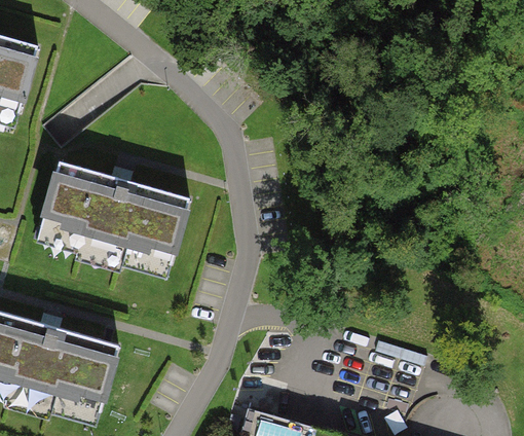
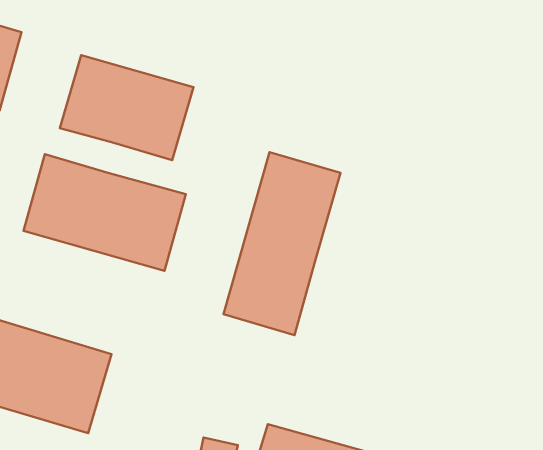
building: none -> [60,55,193,160]
building: none -> [223,152,341,335]

